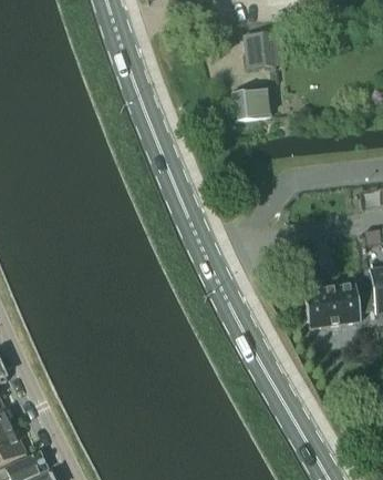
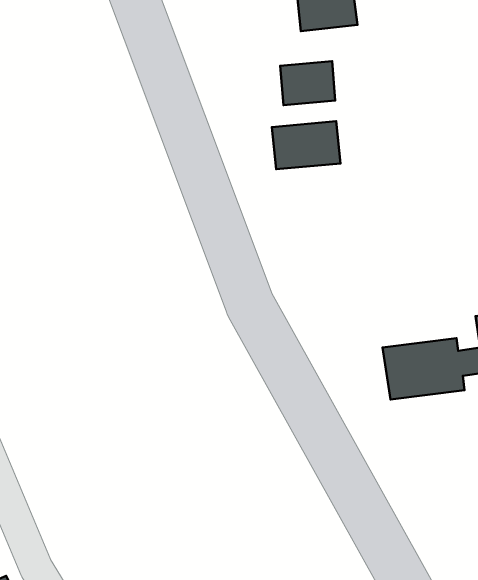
building: none -> [272,121,341,169]

